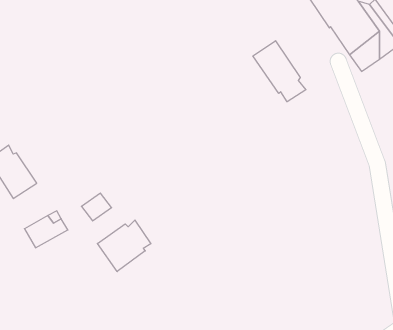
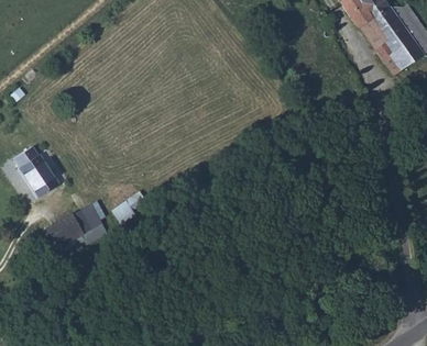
building: [253,41,306,102] -> none
building: [97,220,151,272] -> none

